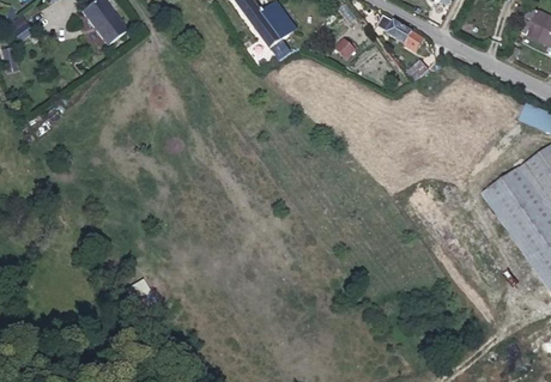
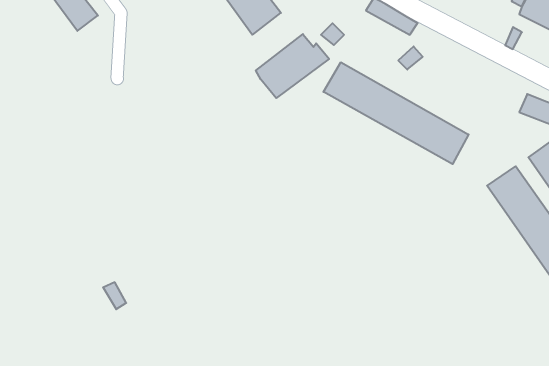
building: none -> [256,34,329,98]
building: none -> [323,62,469,164]

